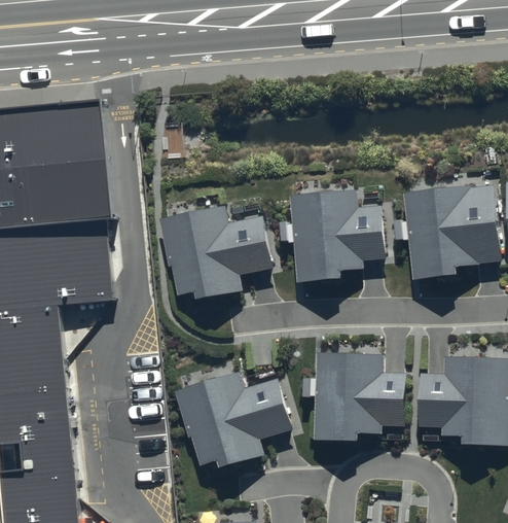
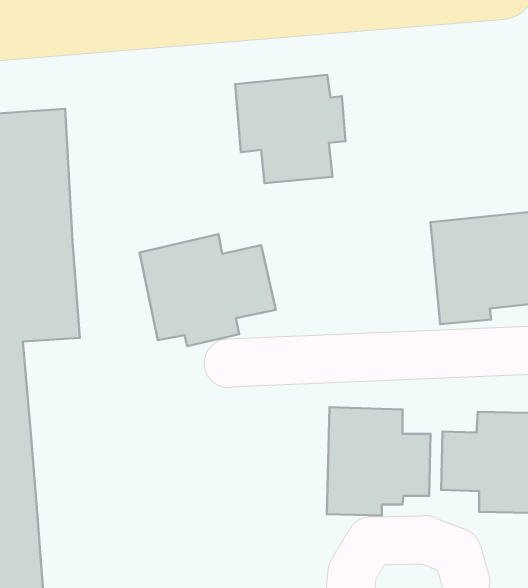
building: none -> [235,75,346,183]
building: [287,187,385,282] -> none
building: [175,375,293,473] -> none

